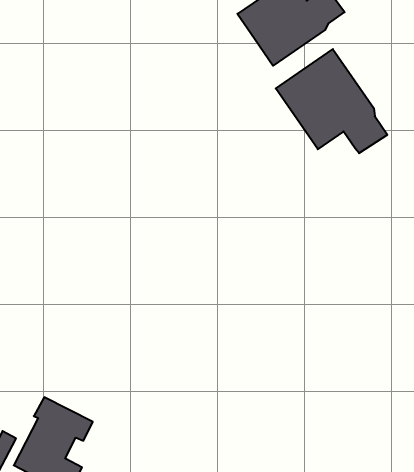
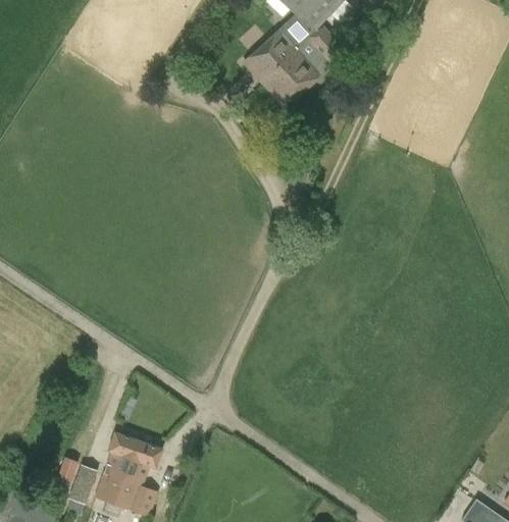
building: [276,49,387,153] -> none

